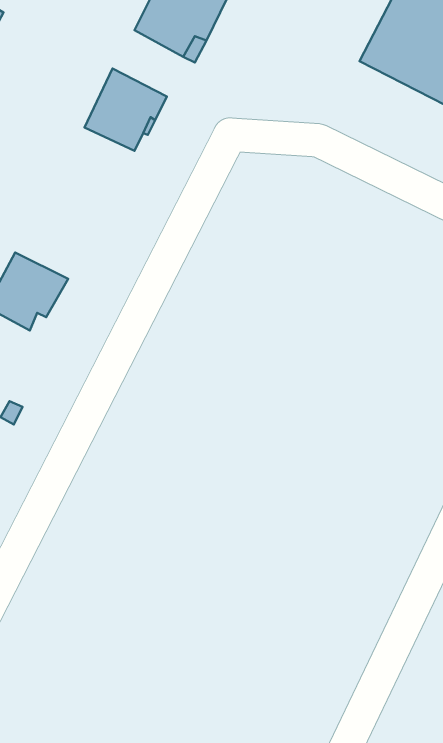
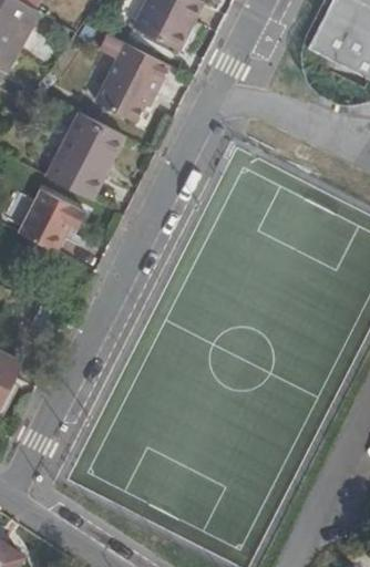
building: none -> [45,109,123,197]

